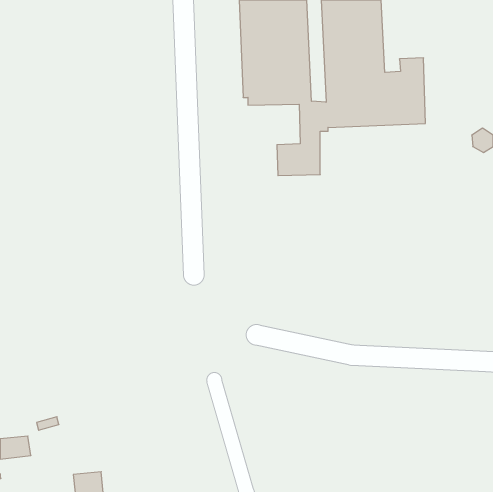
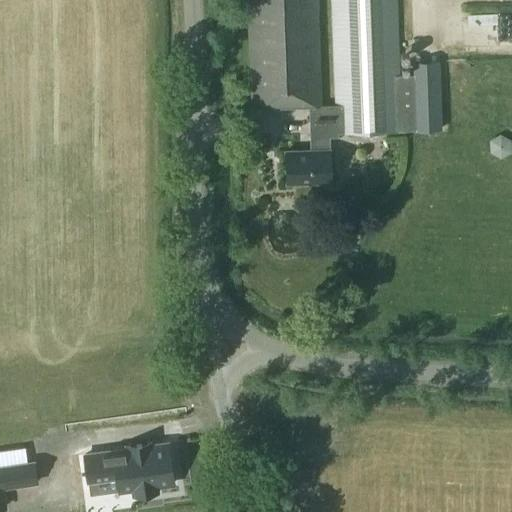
building: none -> [90,445,178,496]

